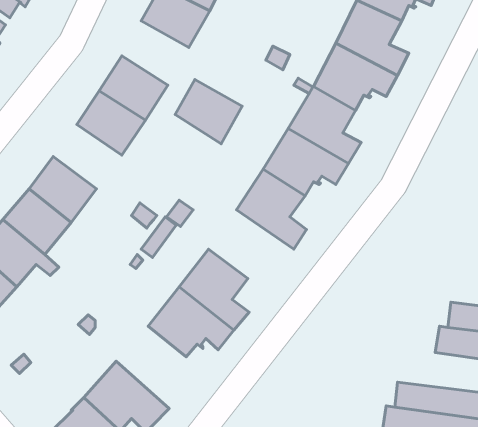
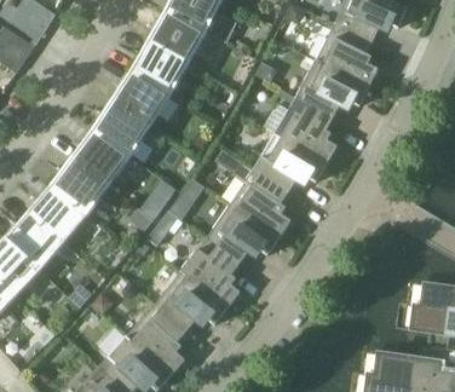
building: [175,79,242,144] -> [131,39,189,94]
building: none -> [71,128,131,184]
building: none -> [206,202,280,261]
building: none -> [126,302,186,374]

